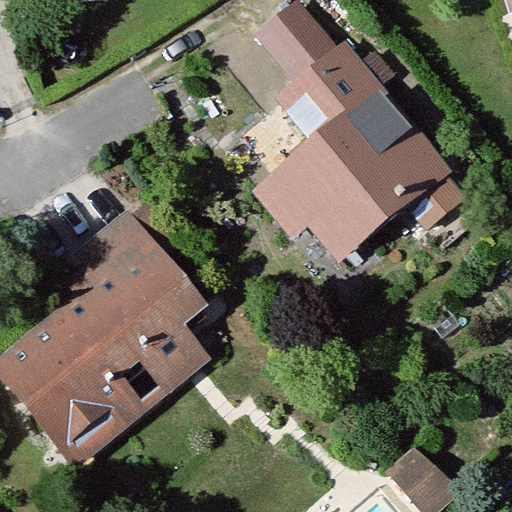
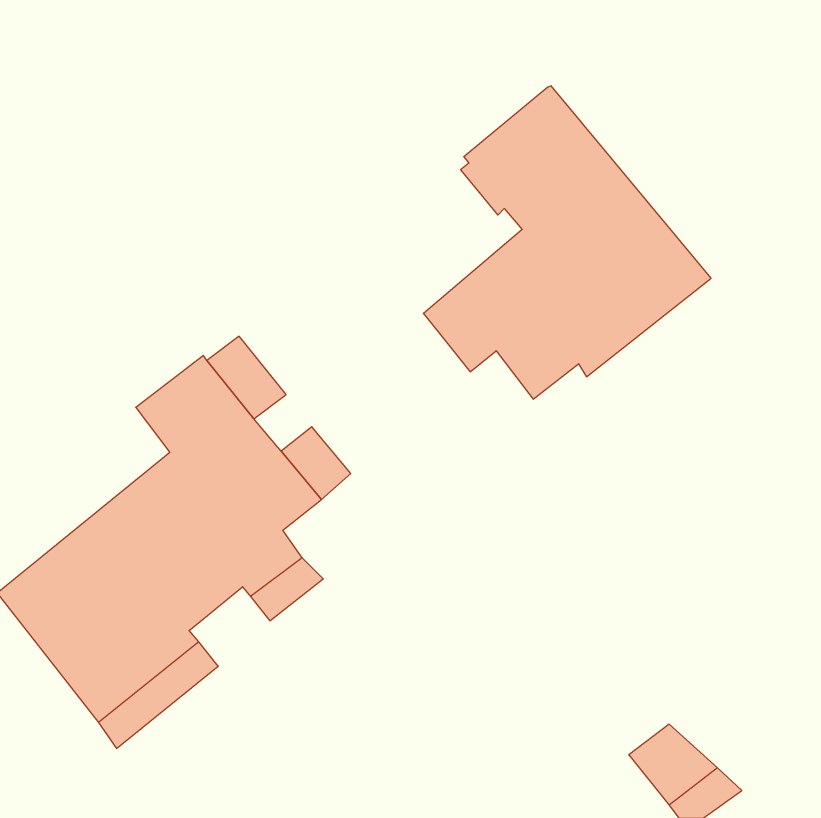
building: [260,8,339,88] -> none

